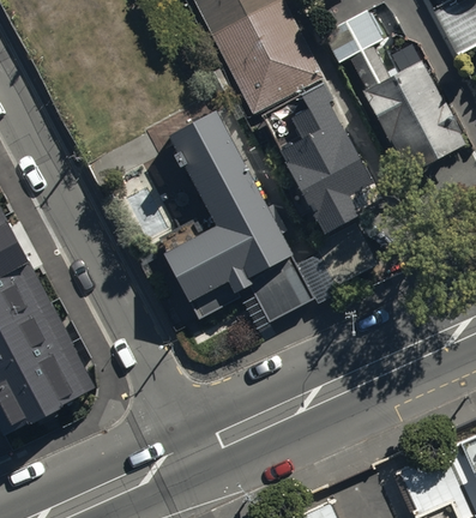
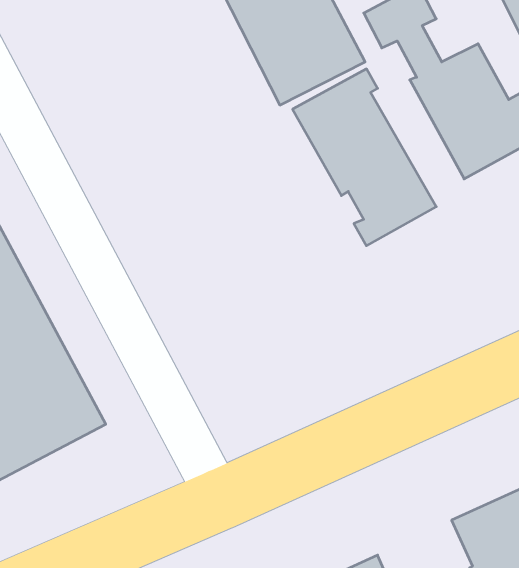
building: [165,110,317,324] -> none

